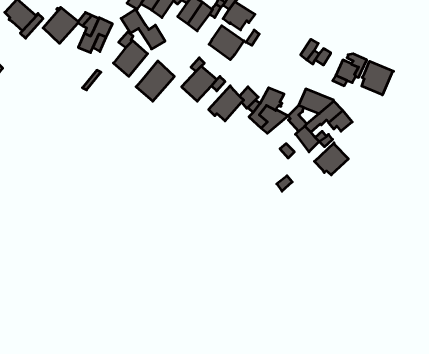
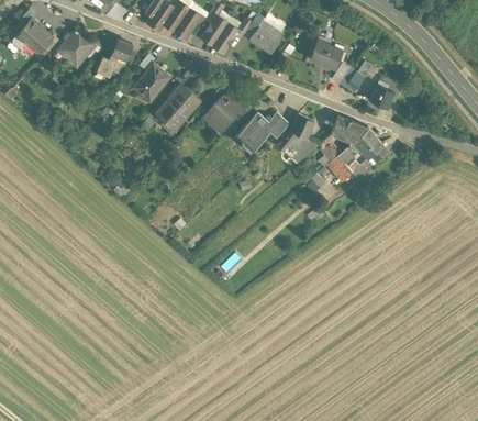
building: [121,9,165,49] -> none
building: none -> [310,42,344,70]
building: [209,26,244,60] -> none
building: [362,61,394,95] -> none
building: [314,143,348,175] -> none

